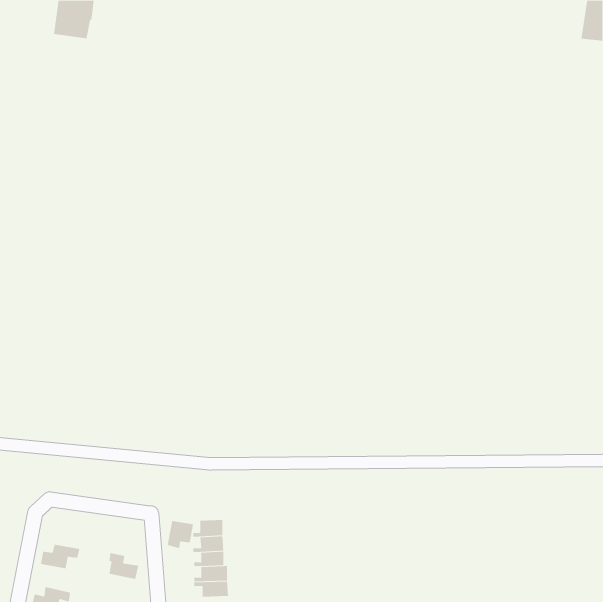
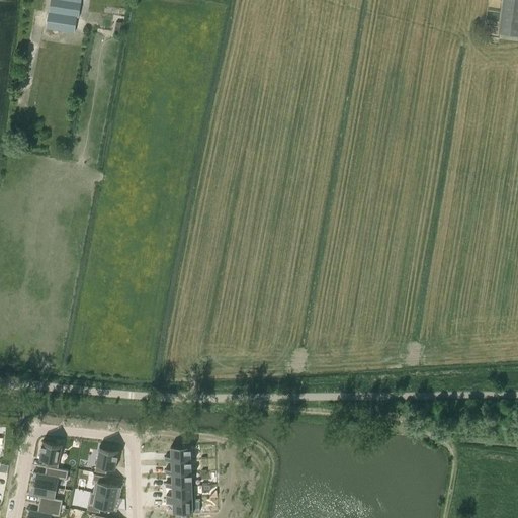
building: none -> [39,443,62,469]
building: [167,520,194,549] -> [95,450,118,474]
building: none -> [32,485,63,509]
building: none -> [87,493,116,513]

